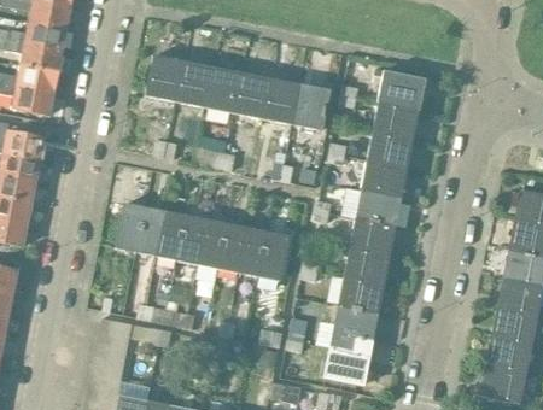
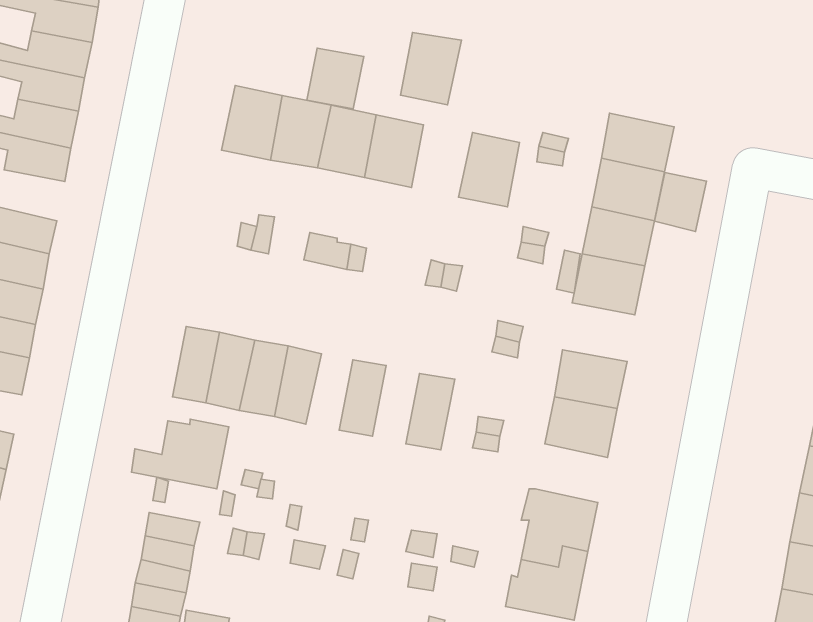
building: none -> [307,48,364,109]
building: [262,80,299,124] -> [401,32,461,105]
building: none -> [654,172,706,232]
building: [355,189,399,226] -> none
building: [197,221,226,268] -> none
building: [238,228,267,276] -> none
building: none -> [131,419,229,489]
building: [338,276,383,312] -> none

